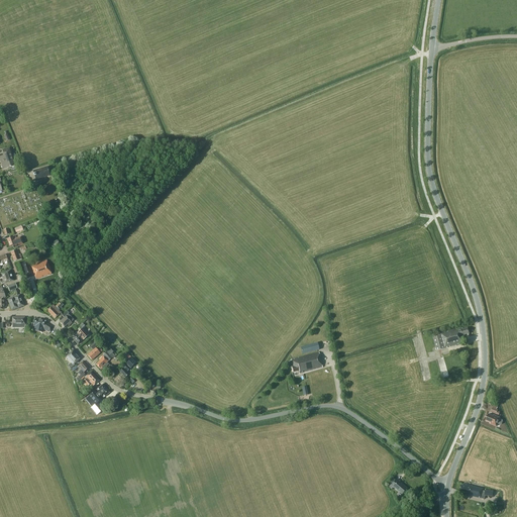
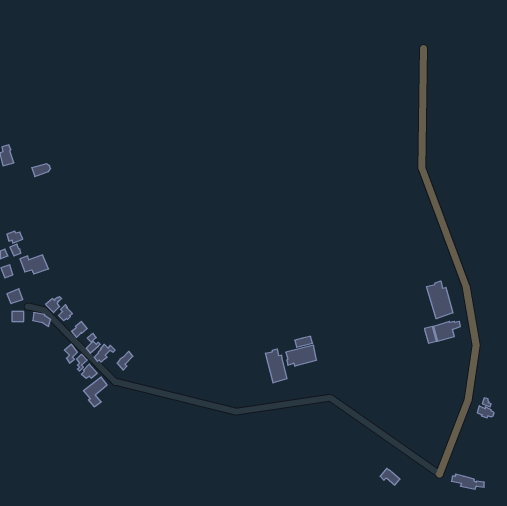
building: none -> [427,281,453,319]
building: none -> [266,349,287,383]

